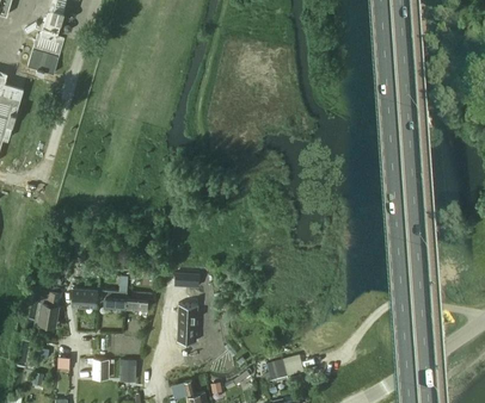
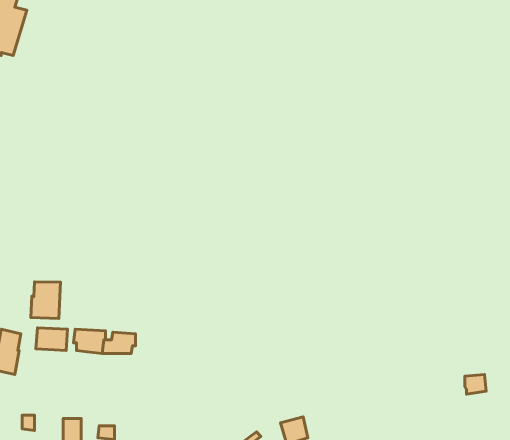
building: none -> [31,282,61,318]
building: [177,304,197,341] -> none

